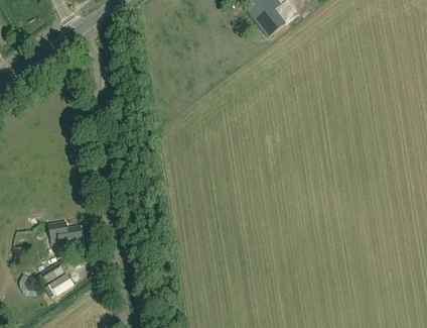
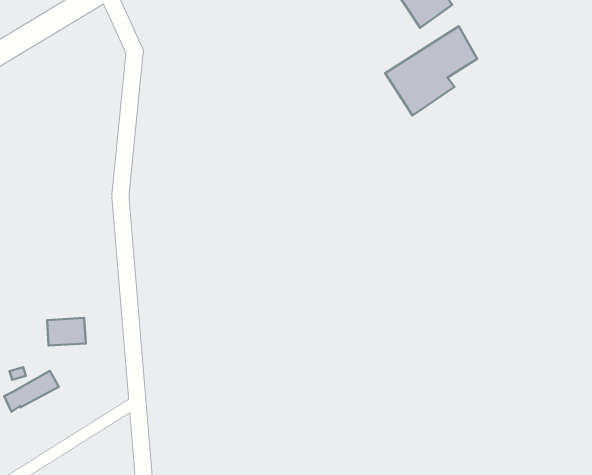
building: none -> [385,26,477,116]

